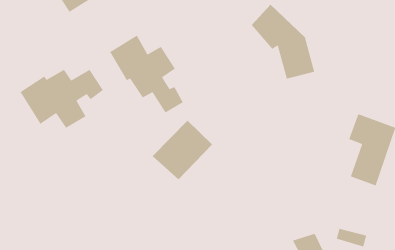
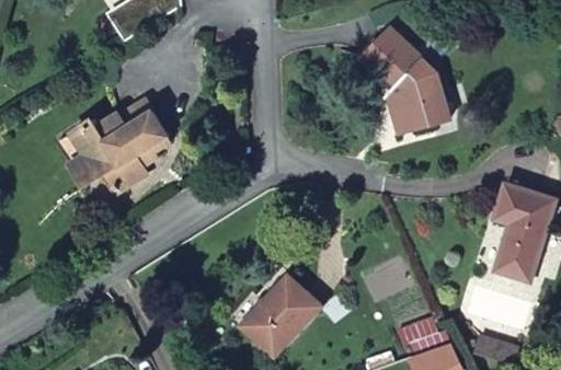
building: [109,35,184,113] -> none
building: [152,120,213,180] -> [239,265,320,345]

